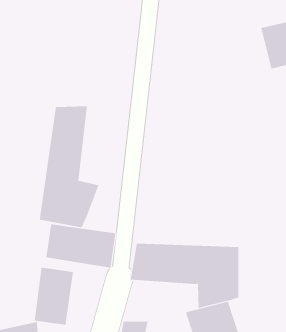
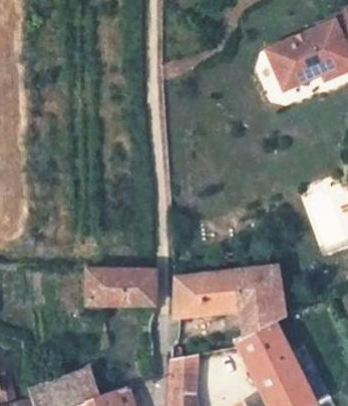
building: [39,106,99,228] -> none
building: [34,267,73,326] -> none

